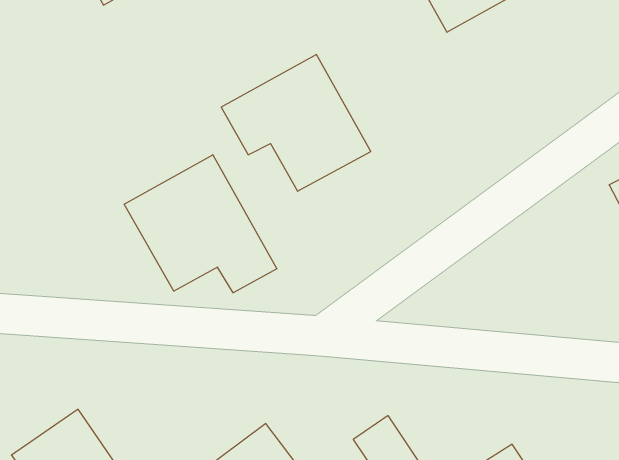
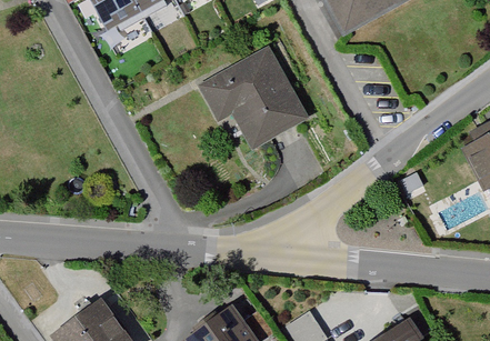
building: [124,155,277,293] -> none

